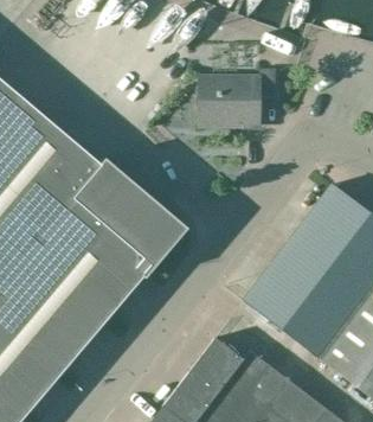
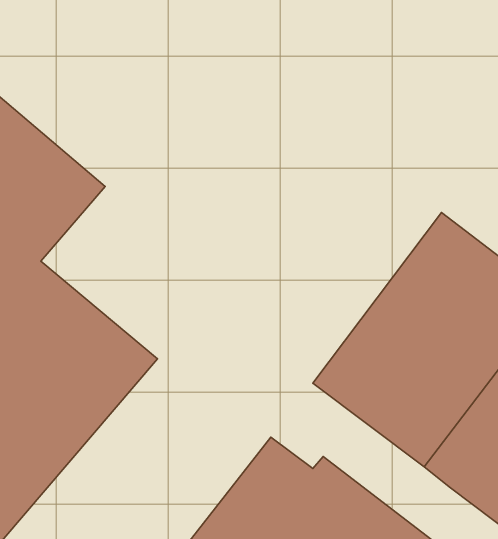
building: [198,70,275,128] -> none
building: [58,164,184,284] -> none

